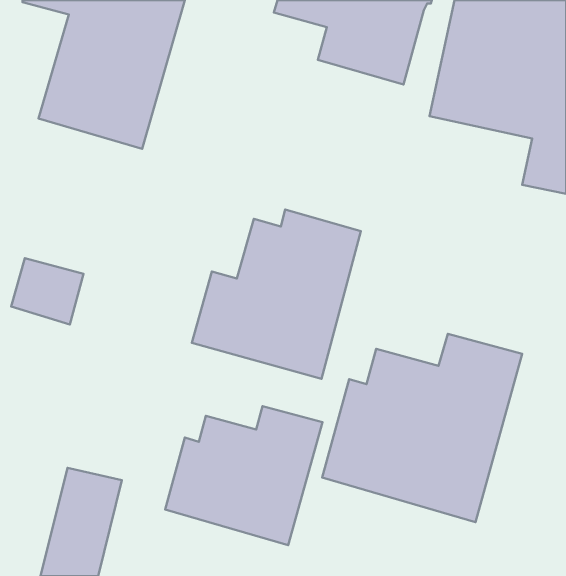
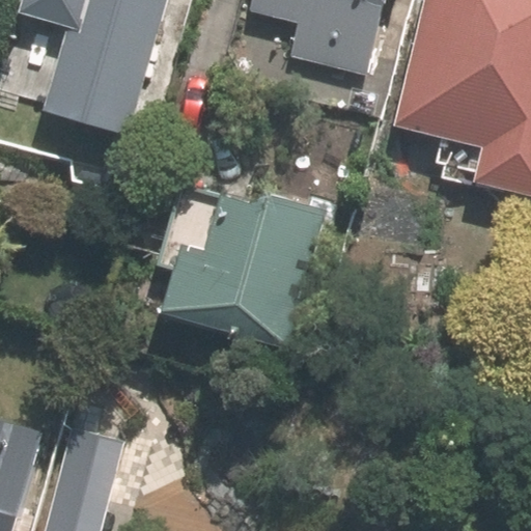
building: [322,334,522,522] -> none
building: [165,406,322,545] -> none

